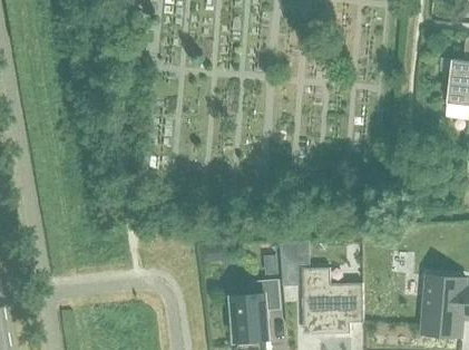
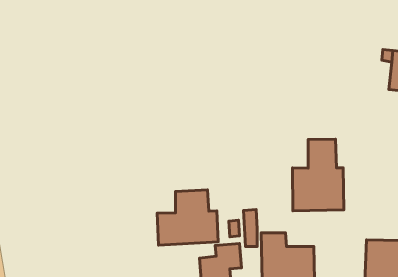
building: none -> [292,139,344,211]
building: none -> [157,190,218,245]

